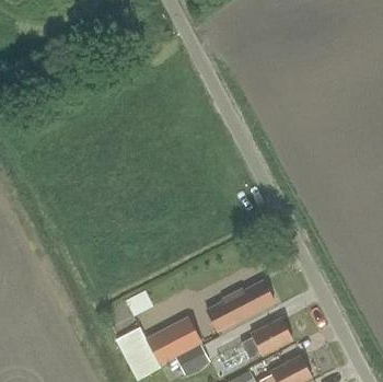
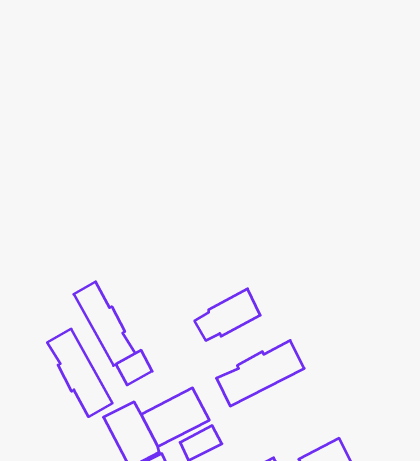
building: none -> [74,282,135,366]
building: none -> [47,329,112,417]
building: [241,317,292,358] -> [195,289,260,340]

